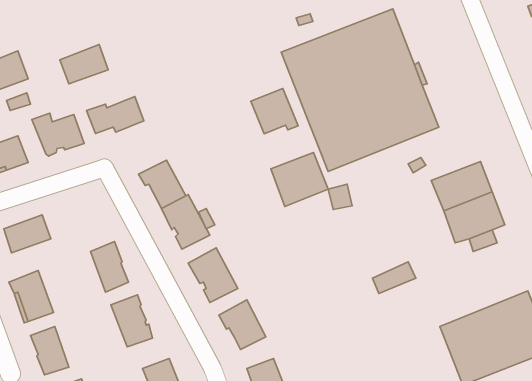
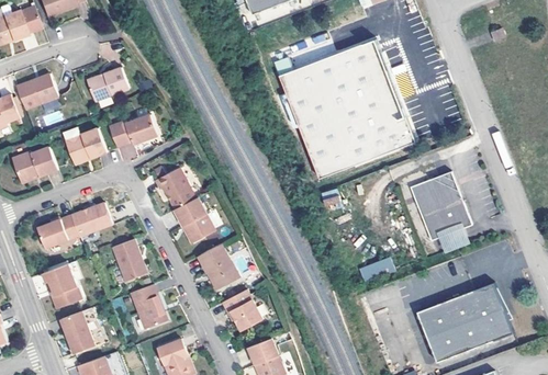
building: [251,89,298,134] -> none
building: [271,153,328,206] -> none
building: none -> [71,202,113,236]

